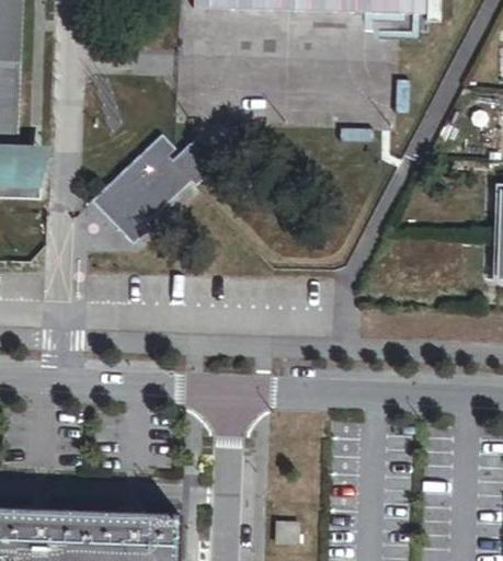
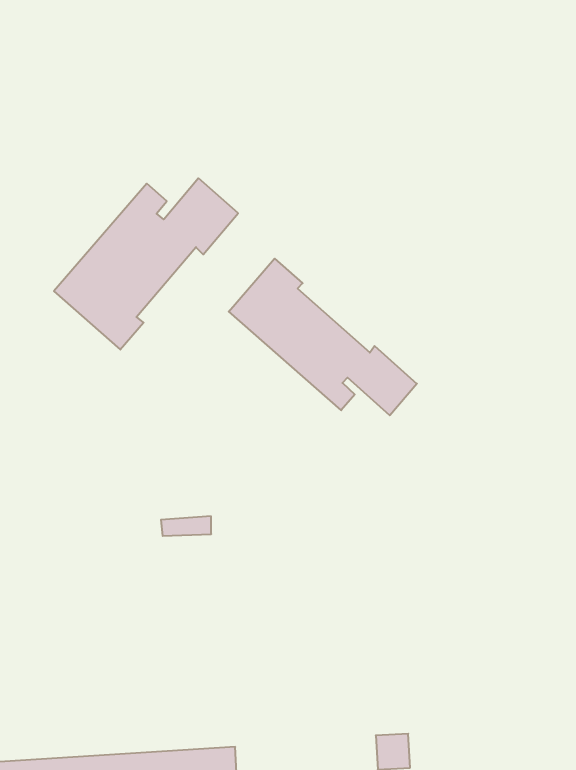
building: none -> [229,259,417,415]

